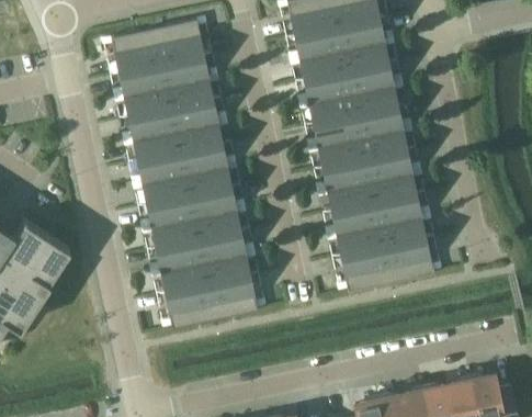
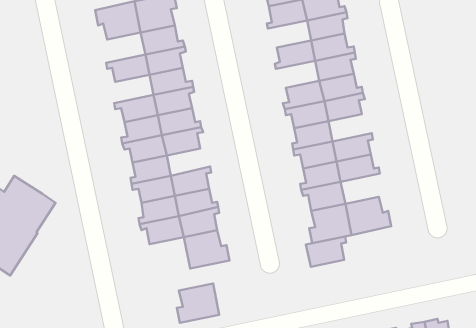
building: [299,50,347,80] -> none
building: [123,64,167,97] -> none
building: [308,94,355,124] -> none
building: [132,110,176,140] -> none
building: [365,153,412,182] -> none
building: [190,190,237,219] -> none
building: [378,217,422,250] -> [306,237,346,267]
building: [169,286,215,329] -> [177,284,219,323]

